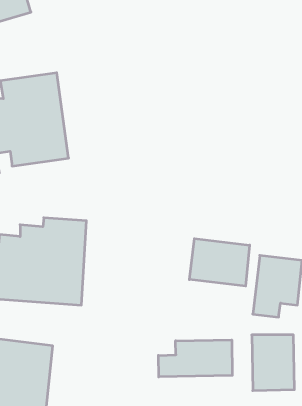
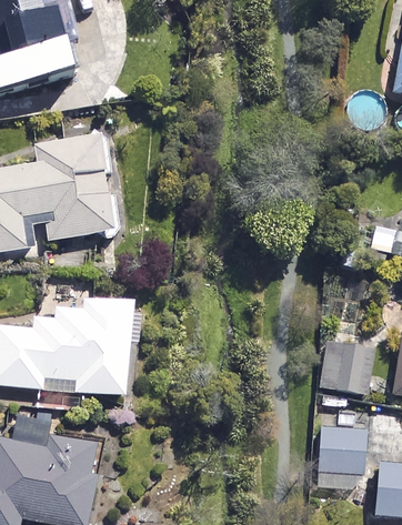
building: [189,239,250,286] -> none
building: [158,340,232,377] -> none

